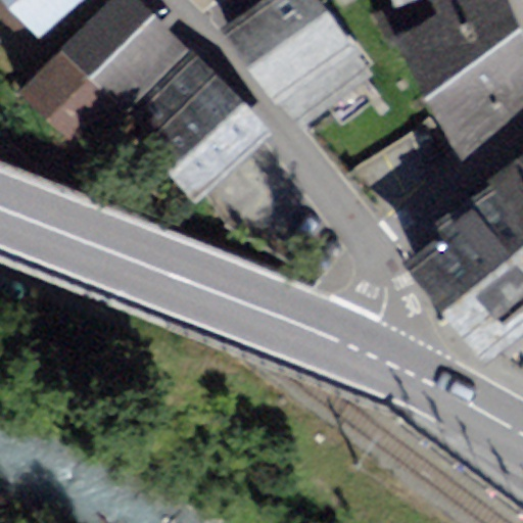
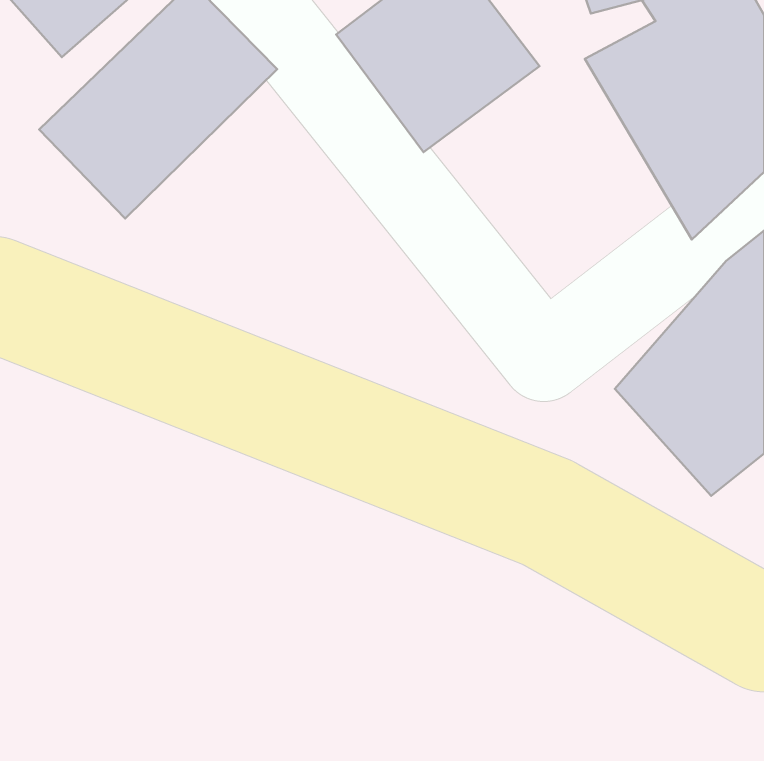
building: [133,54,272,193] -> none

